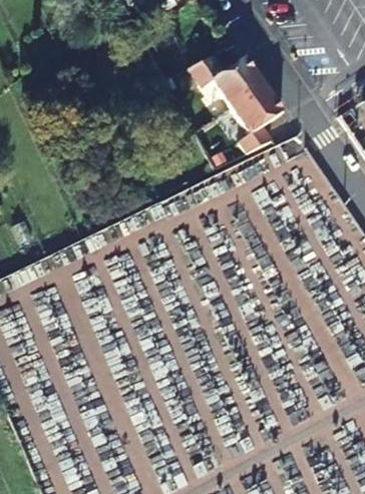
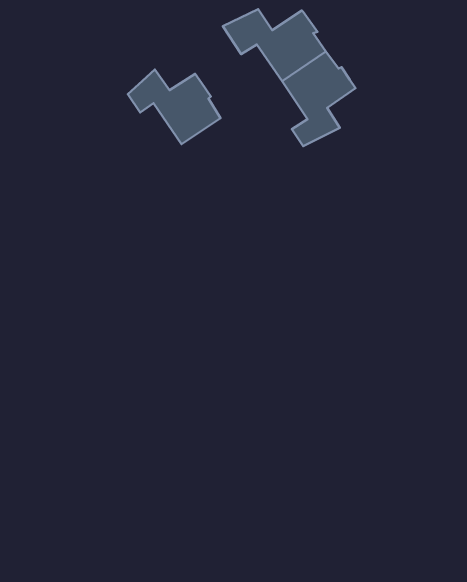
building: none -> [128,69,221,144]

